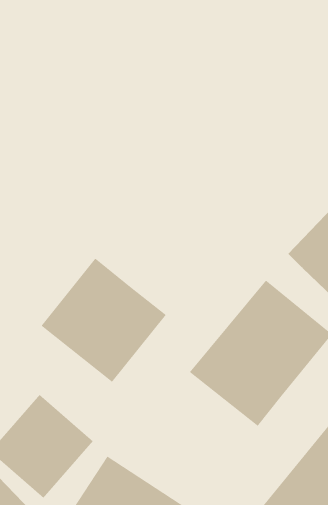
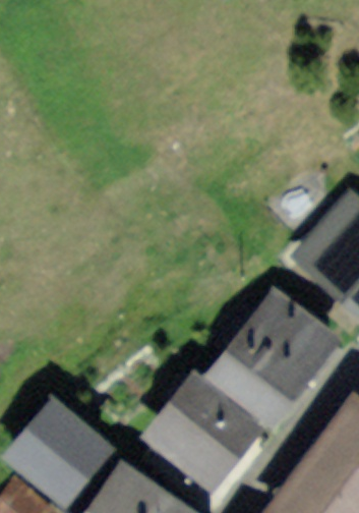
building: [40,258,167,383] -> none
building: none -> [145,370,270,492]

